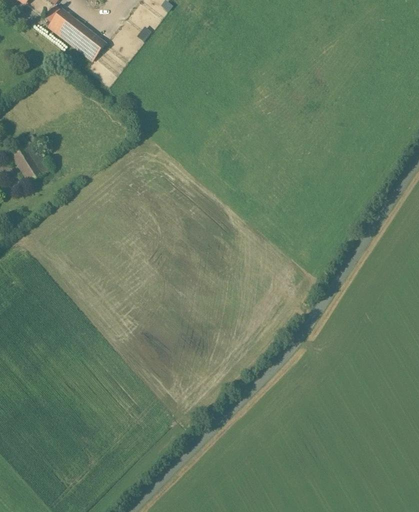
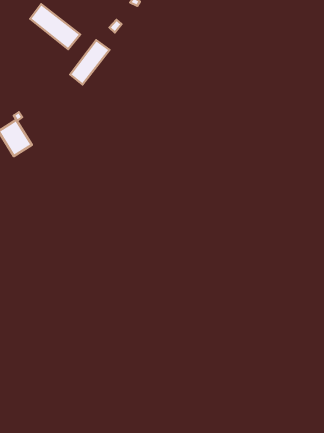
building: none -> [70,40,109,85]

